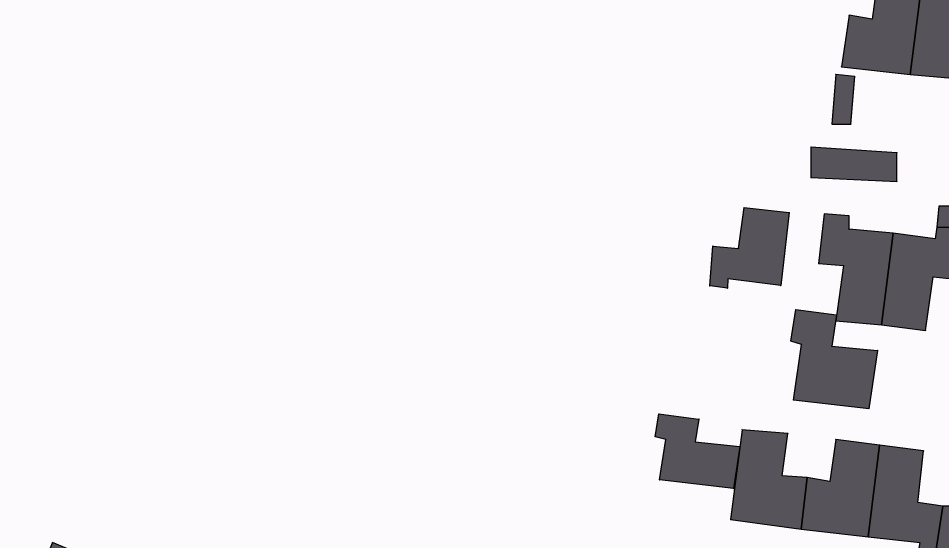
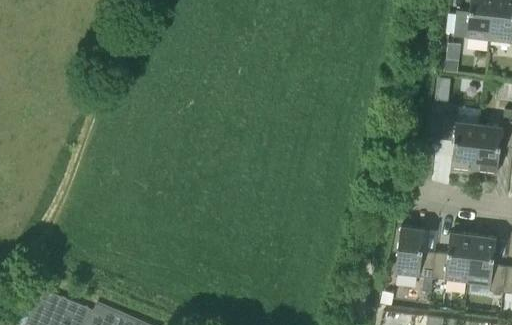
building: [710,208,789,288] -> none
building: [791,310,878,409] -> none
building: [655,414,740,489] -> none

